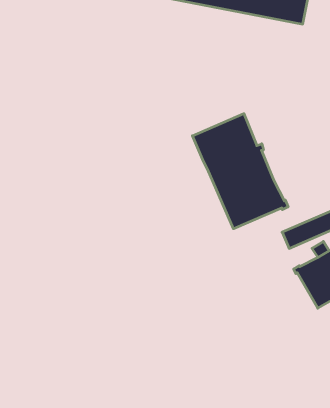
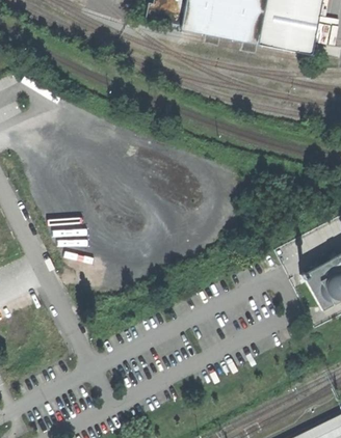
building: [192,114,288,229] -> none

